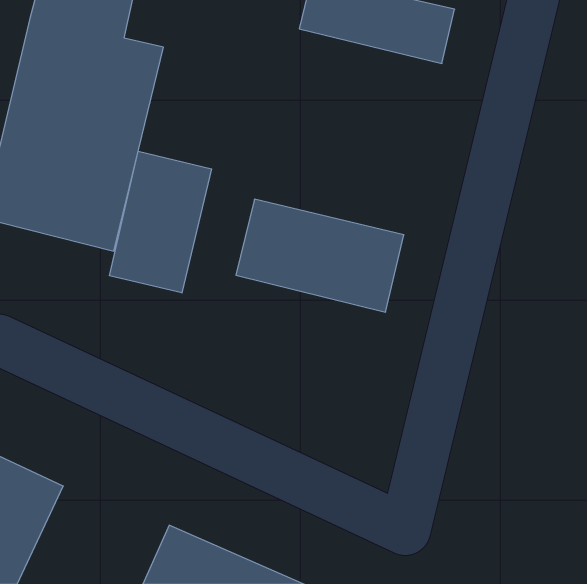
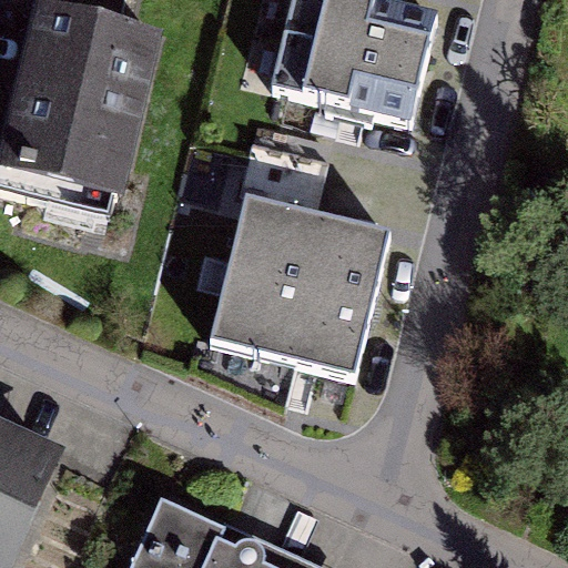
building: none -> [275,28,426,113]
building: [110,151,212,293] -> none
building: none -> [210,265,372,374]

